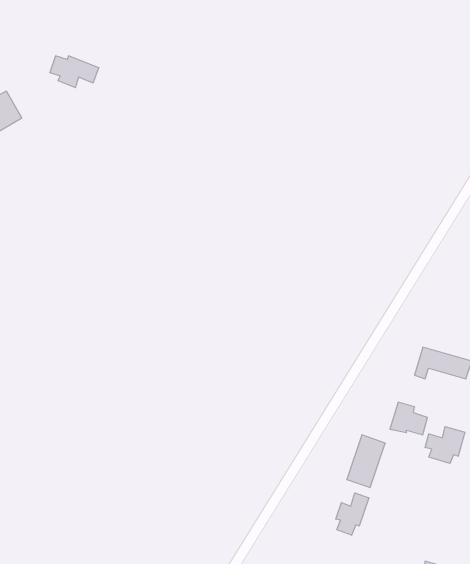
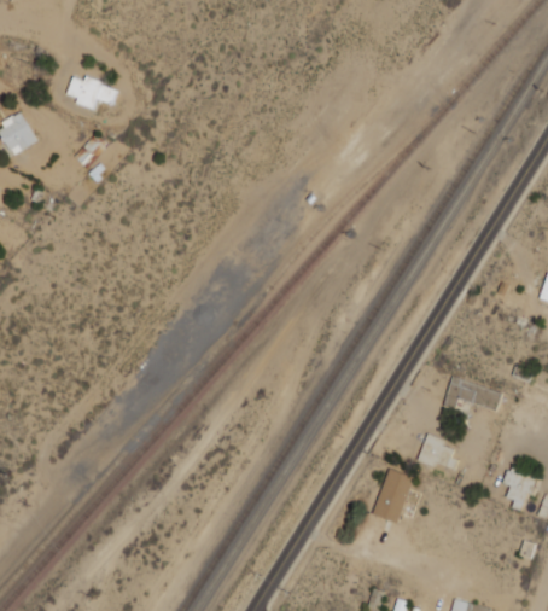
building: [425,427,465,463] -> none
building: [336,493,369,535] -> none

